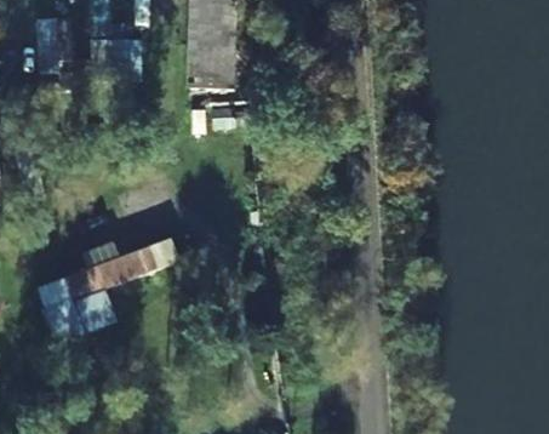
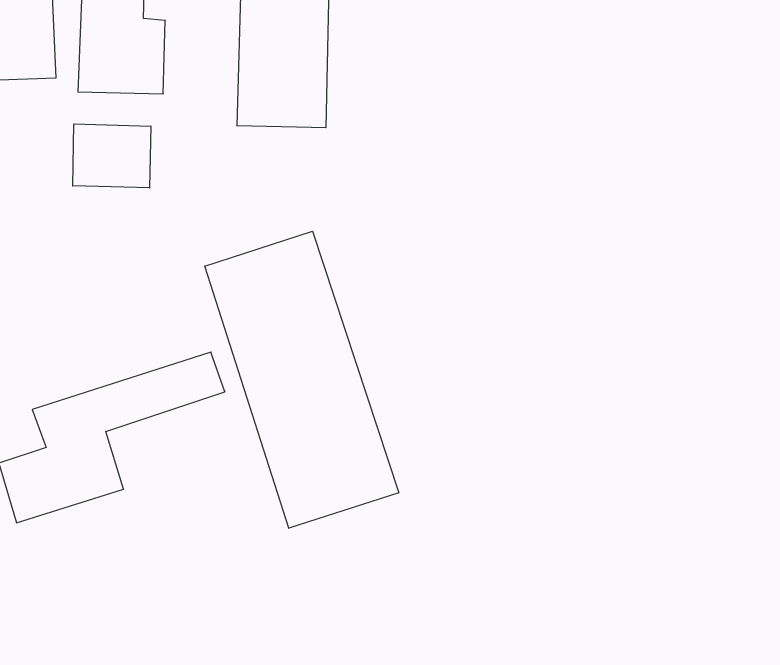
building: none -> [73,124,151,188]
building: none -> [205,231,399,528]

